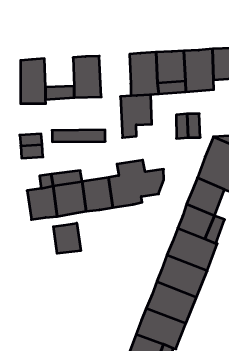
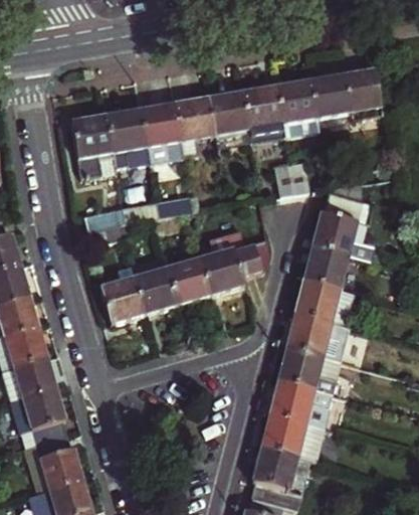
building: none -> [104,113,146,154]
building: [120,95,152,138] -> [172,100,215,157]
building: [53,223,81,253] -> none

